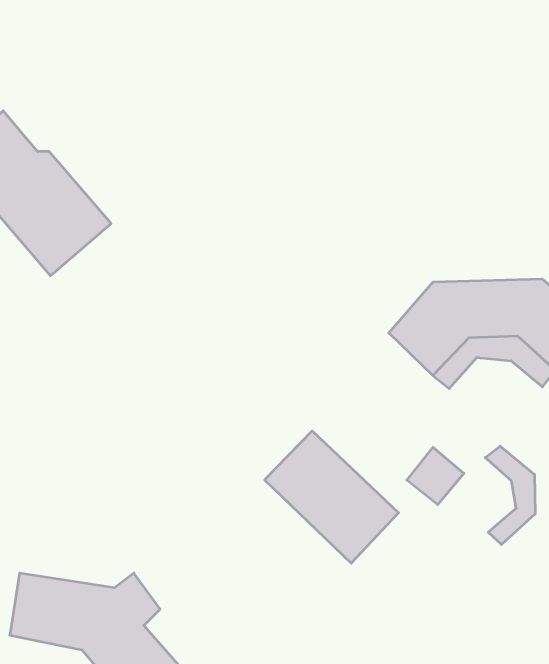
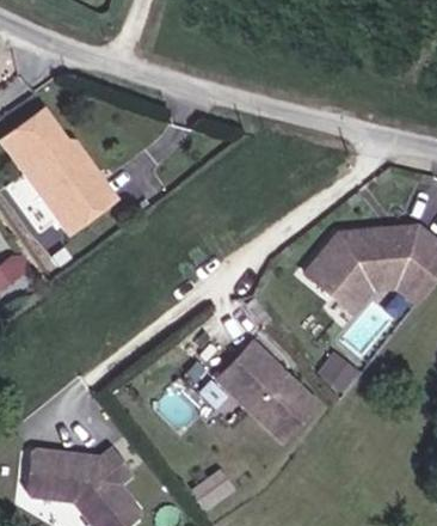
building: [485,446,535,545] -> none

